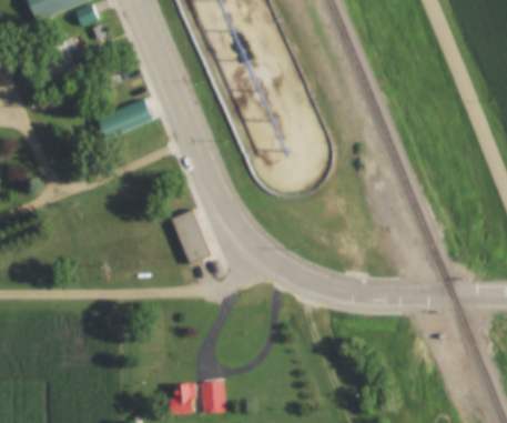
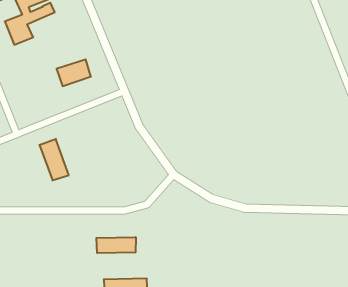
building: [171,209,209,262] -> [39,139,69,180]
building: none -> [96,237,136,253]

